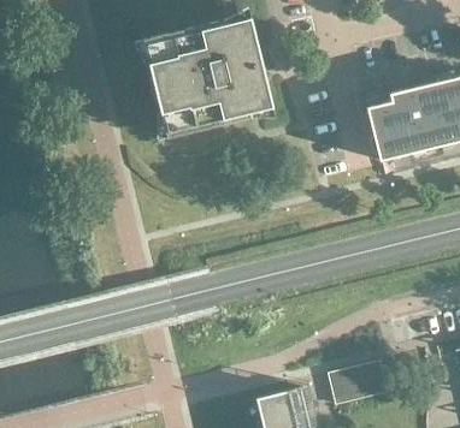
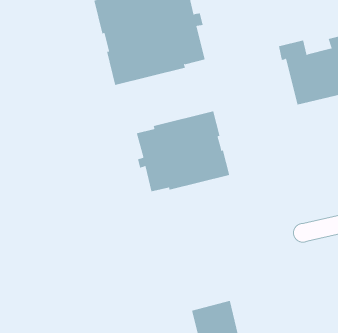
building: none -> [136,110,230,192]
building: [336,361,387,402] -> none

